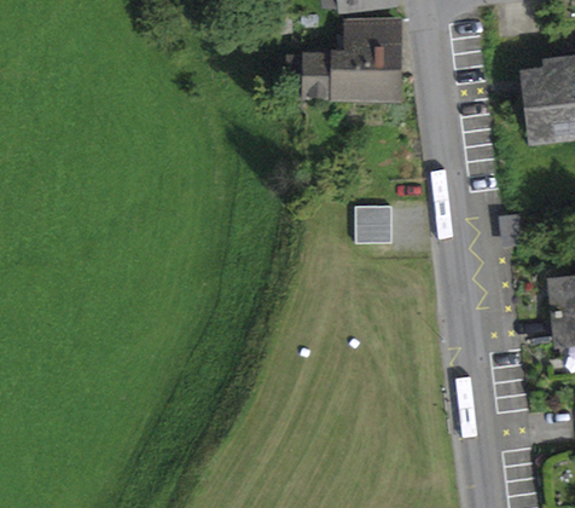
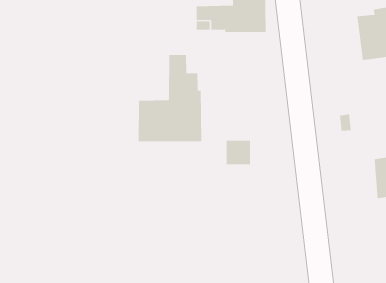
building: none -> [138,54,202,142]
building: [355,207,391,243] -> [226,140,251,165]

